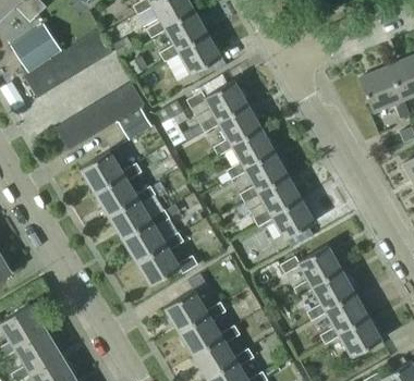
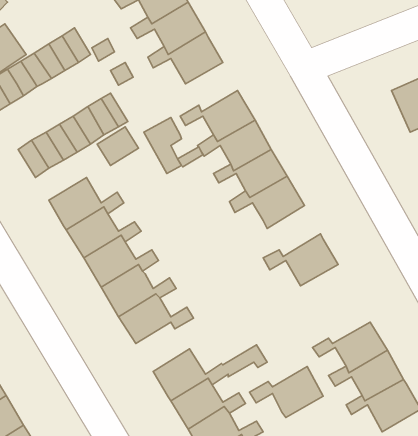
building: [240,173,301,214] -> none
building: [281,244,341,285] -> [250,367,323,417]

